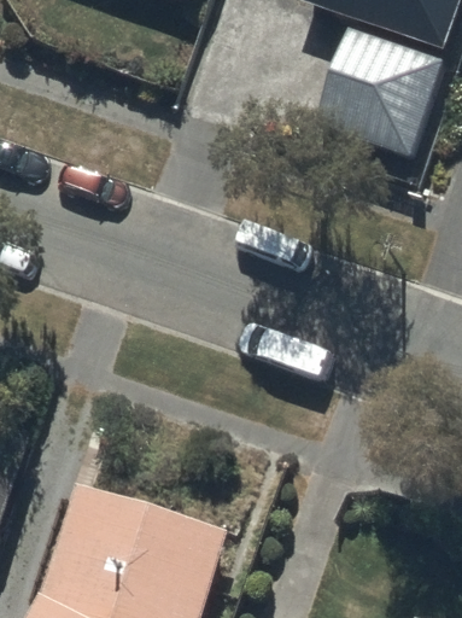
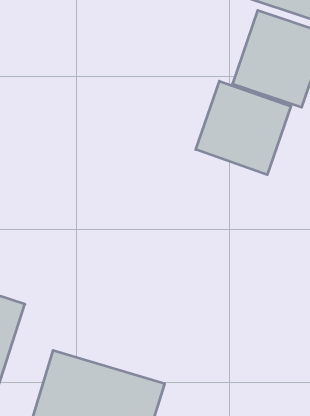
building: none -> [196,81,291,175]

